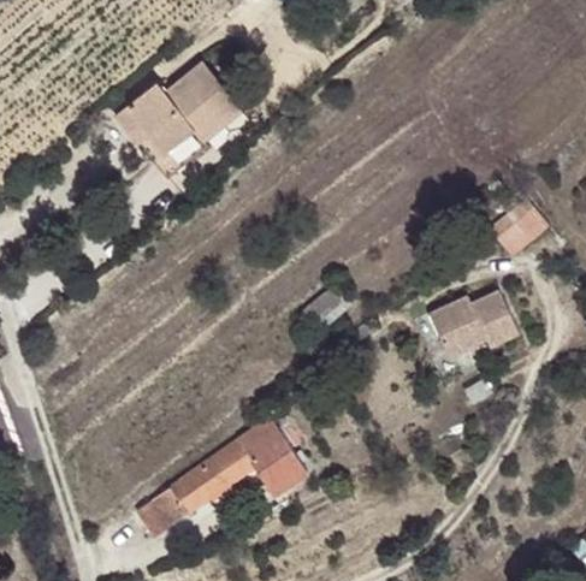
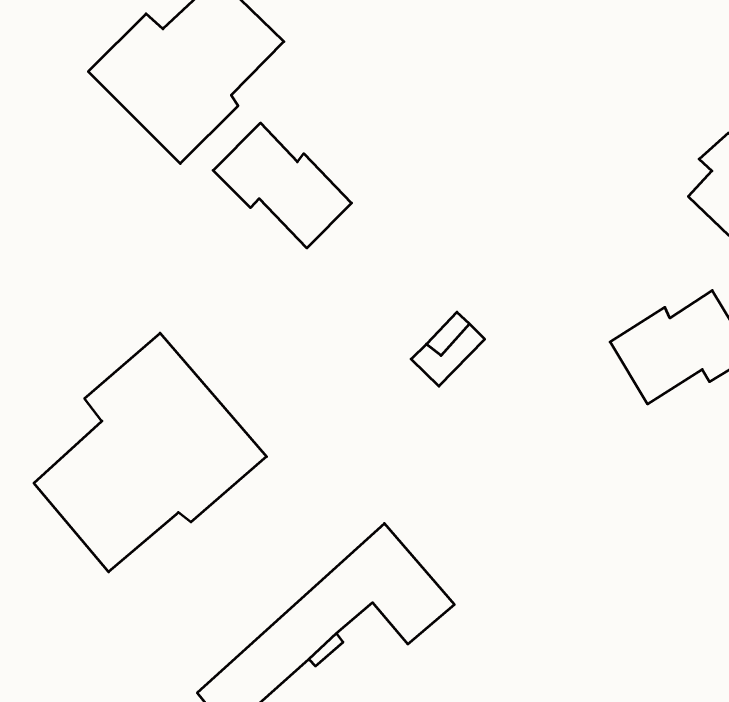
building: none -> [213,123,352,248]
building: none -> [34,333,267,572]

